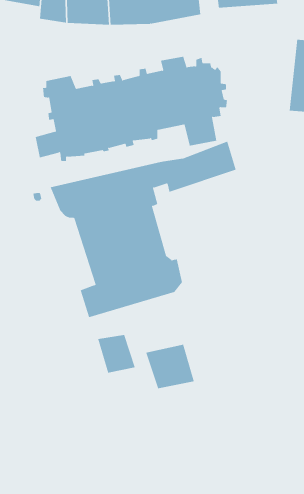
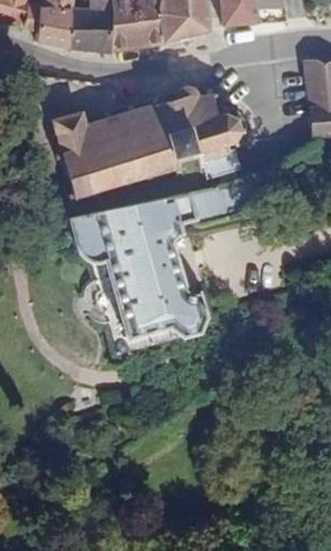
building: [98,334,136,374] -> none
building: [146,344,195,389] -> none

